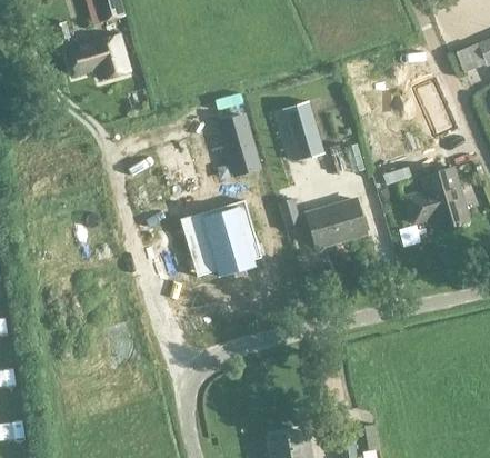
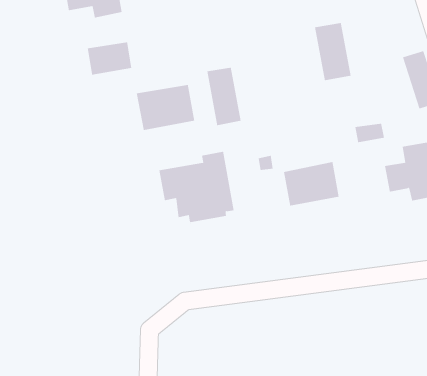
building: none -> [87,42,132,75]
building: [281,100,323,160] -> [314,22,352,81]
building: none -> [136,84,195,131]

